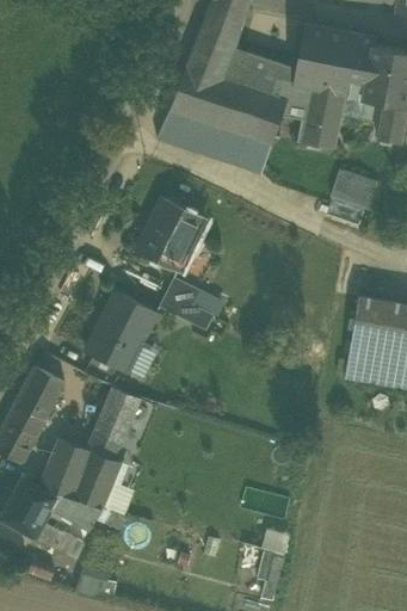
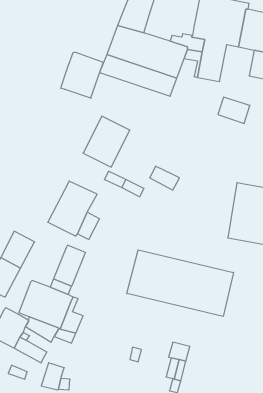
building: [223,47,296,91] -> none
building: none -> [61,52,103,98]
building: [158,291,201,326] -> [150,166,179,190]
building: none -> [127,250,233,316]

